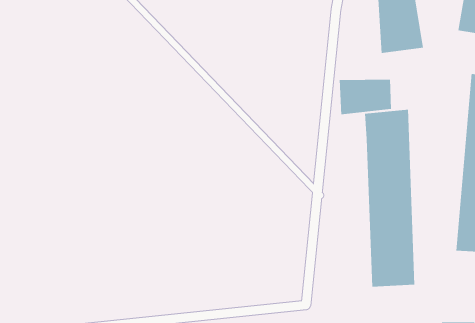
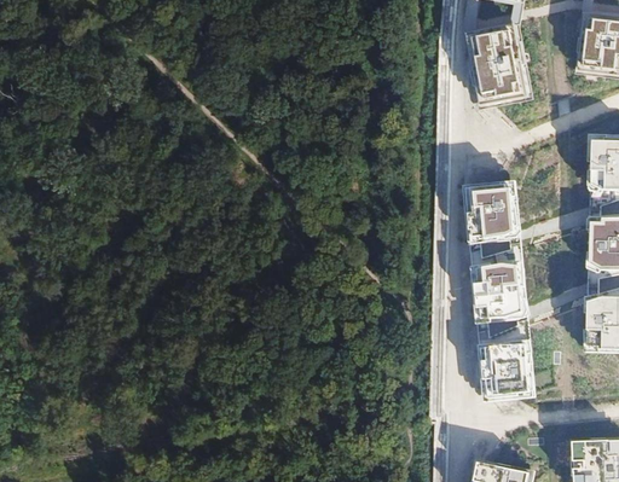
building: [339,79,392,115] -> none

